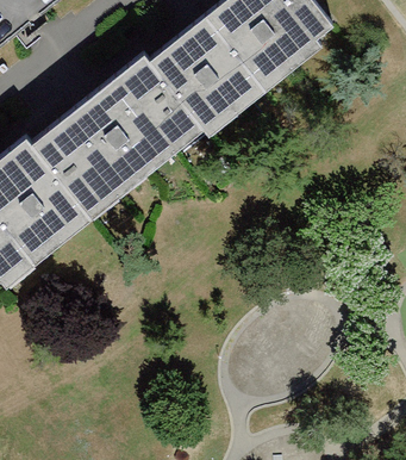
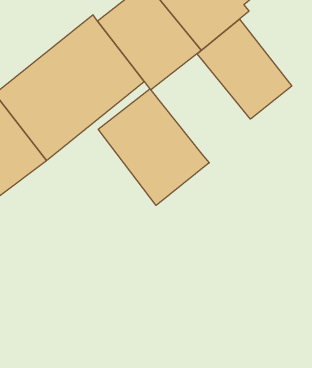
building: none -> [197,19,292,119]
building: none -> [98,89,209,205]

